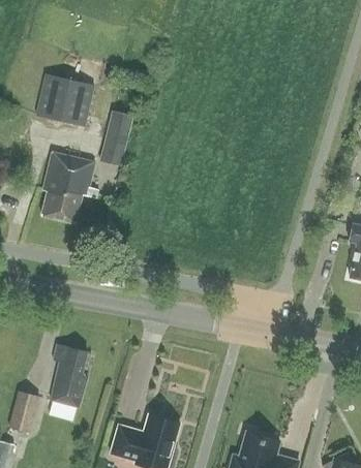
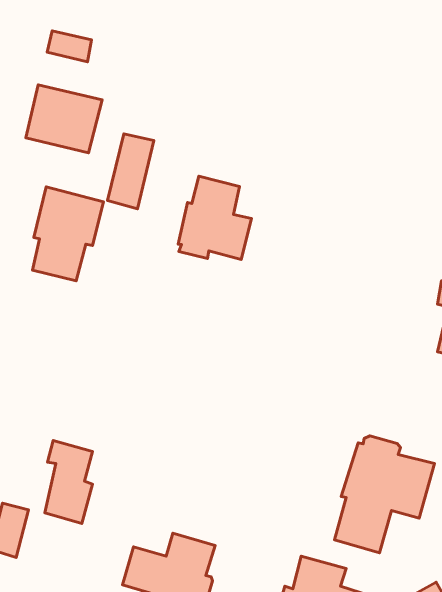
building: none -> [47,31,92,62]
building: none -> [178,176,252,260]
building: none -> [334,436,434,553]

